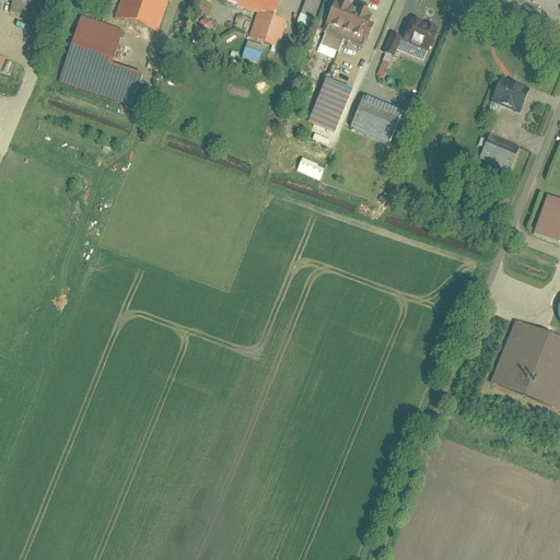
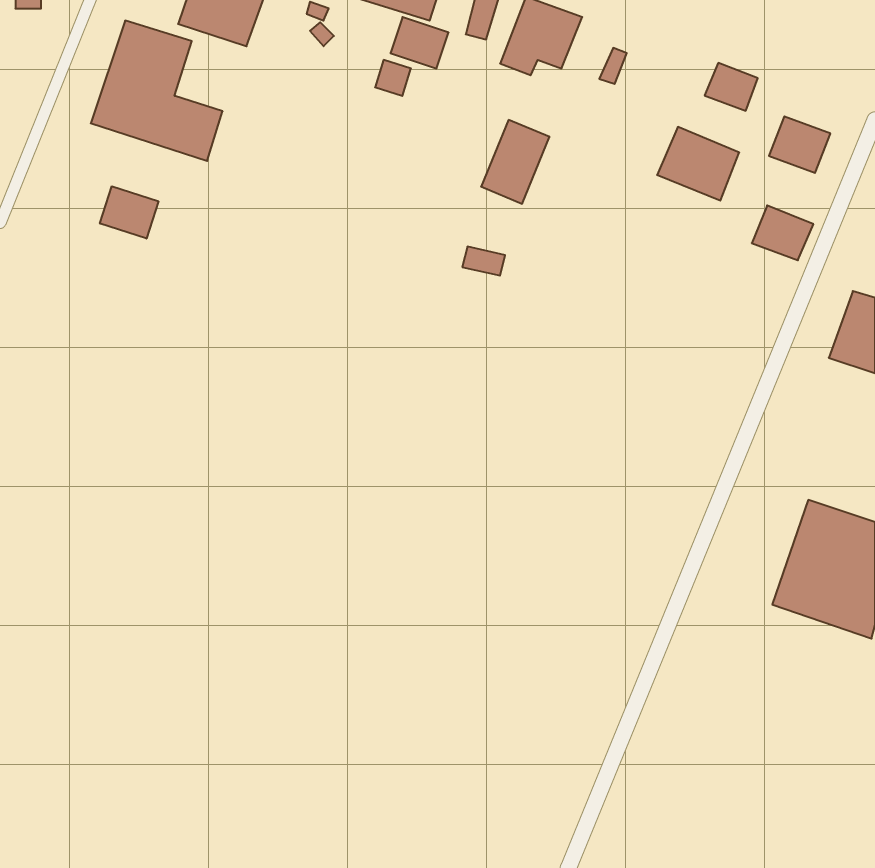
building: [402,18,436,48] -> [705,63,758,111]
building: [350,94,402,141] -> [657,127,739,201]
building: none -> [100,186,158,239]

